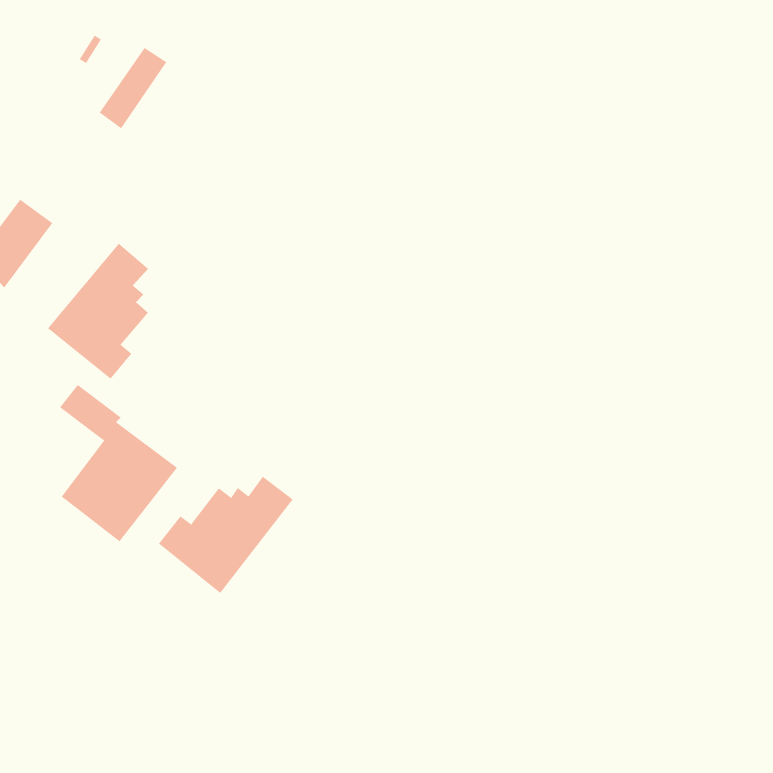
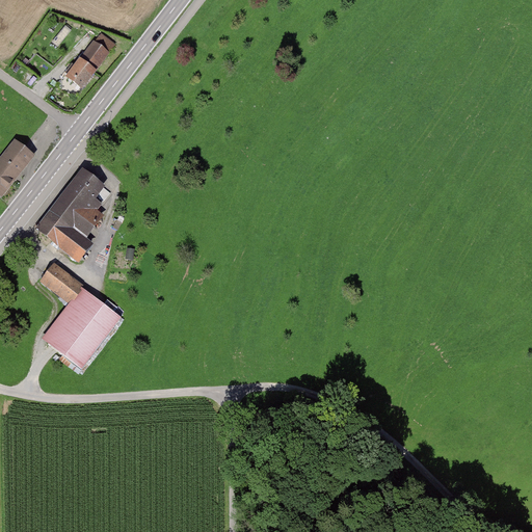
building: [158,476,294,594] -> none

